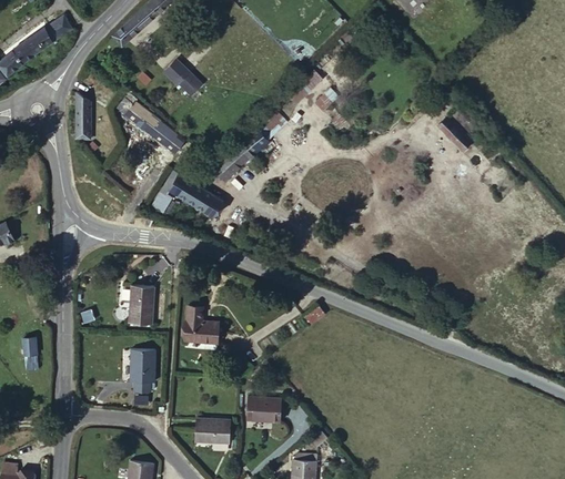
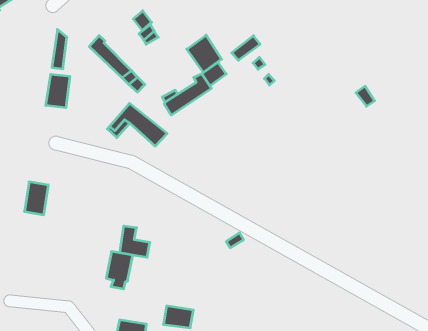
building: none -> [187,35,222,73]
building: none -> [46,74,70,108]
building: [129,289,153,326] -> [24,182,48,215]
building: [125,348,153,390] -> [106,252,133,289]

